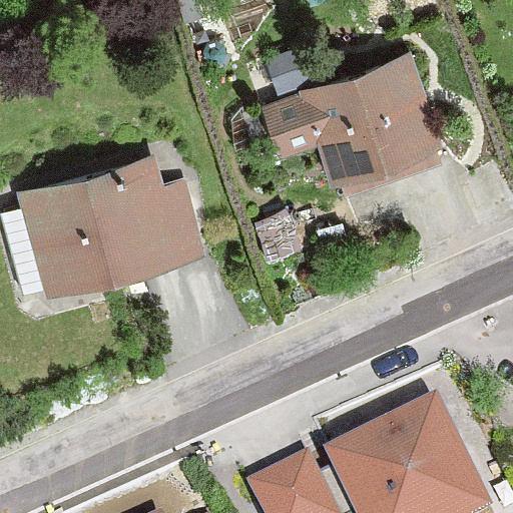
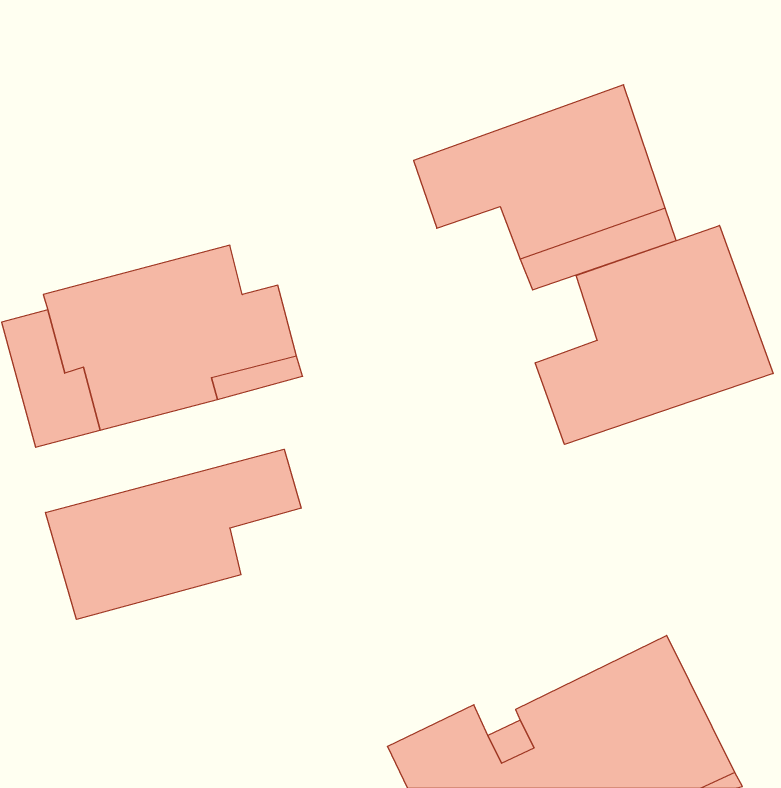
building: none -> [535,225,773,444]
building: none -> [46,449,301,619]

